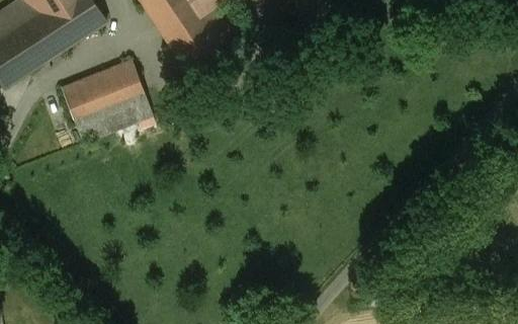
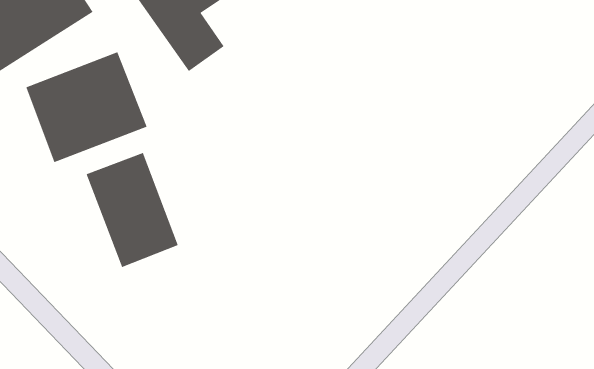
building: none -> [86,152,179,268]

